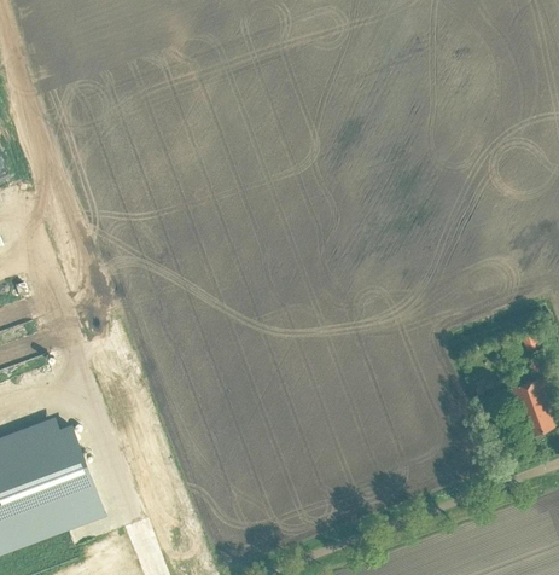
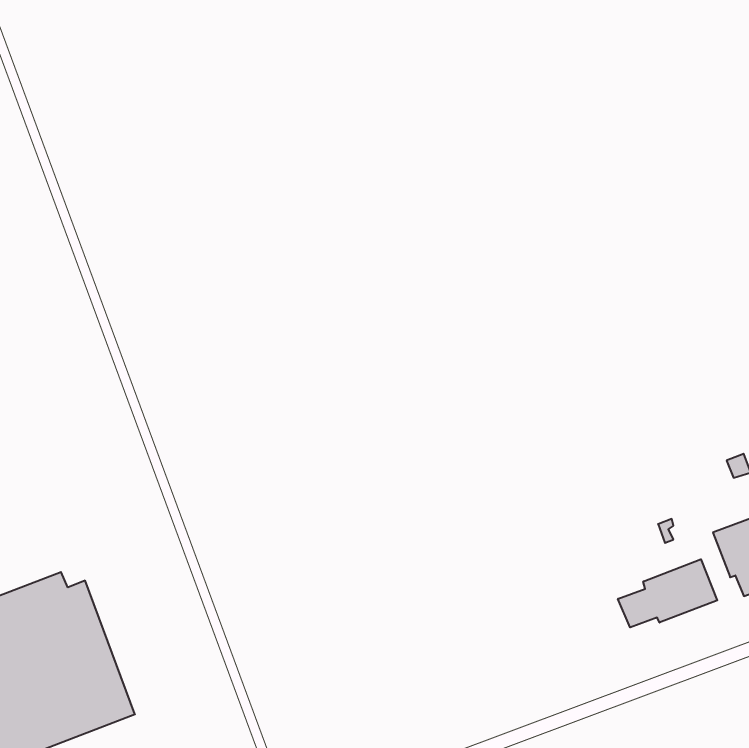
building: none -> [618,559,717,627]

